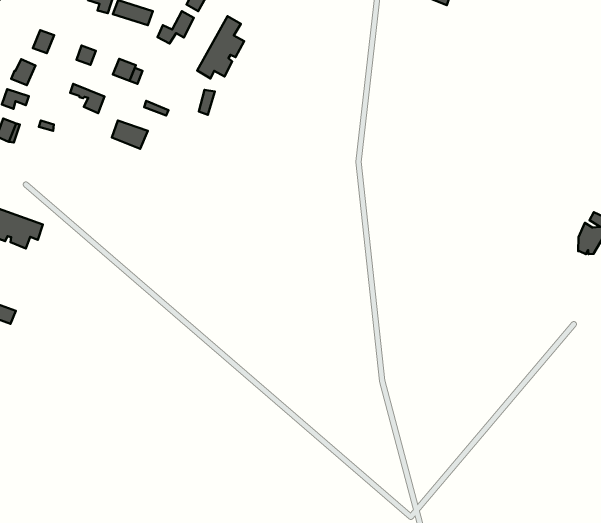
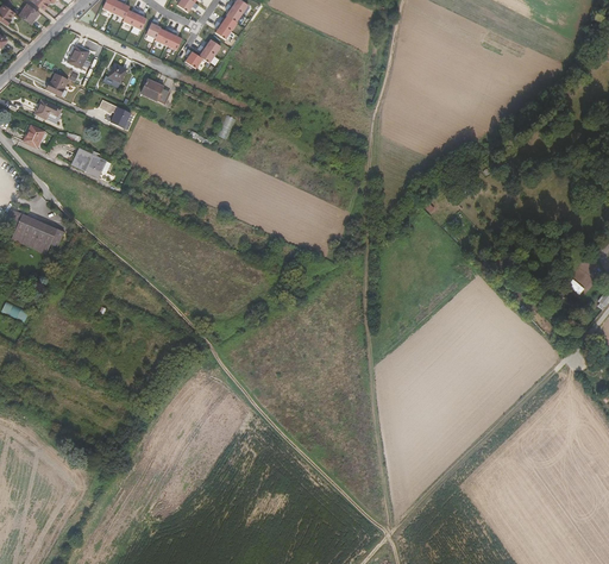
building: [197,16,244,78] -> none
building: [112,121,148,149] -> [73,149,107,177]

